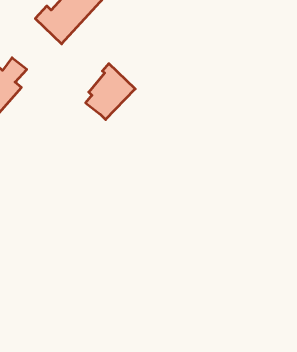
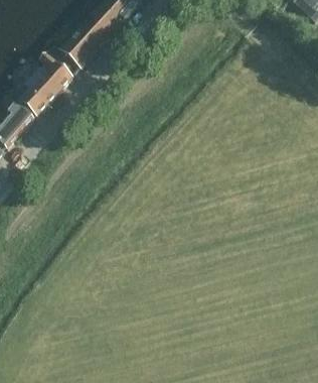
building: [86,64,135,120] -> [22,53,69,107]

